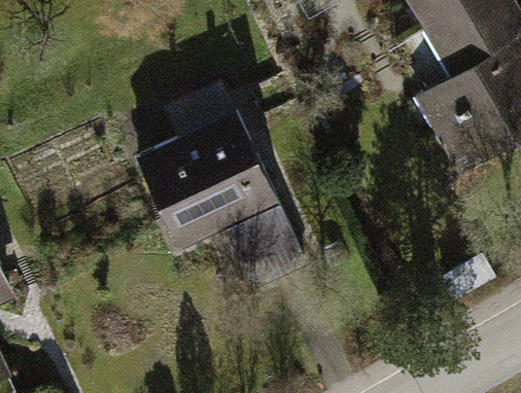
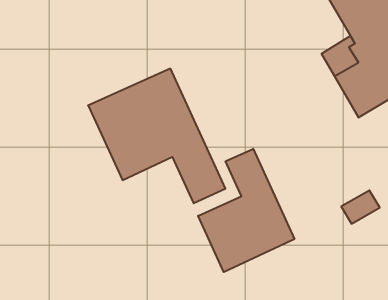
building: none -> [198,149,294,272]

